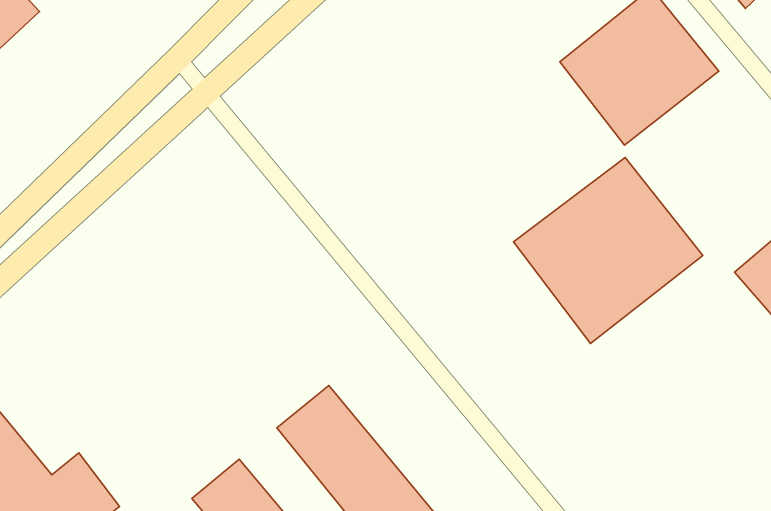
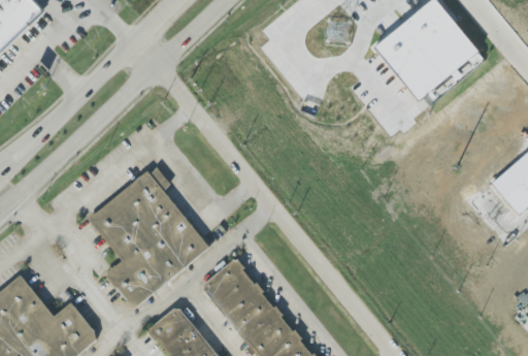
building: [513,157,703,344] -> none
building: none -> [85,171,206,310]

